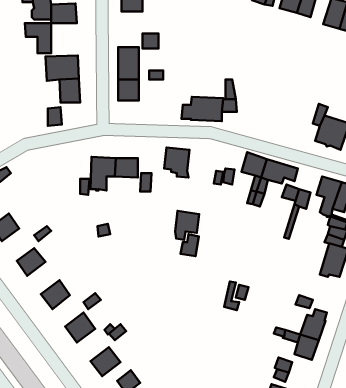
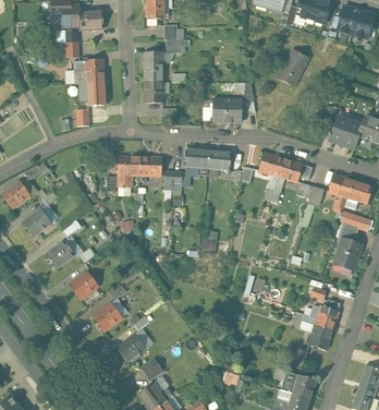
building: none -> [277,49,308,87]
building: [175,211,199,240] -> [208,149,231,177]

